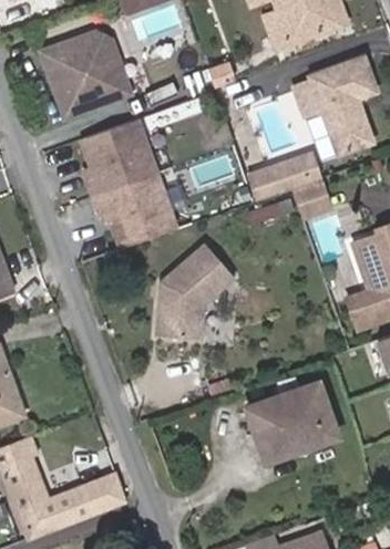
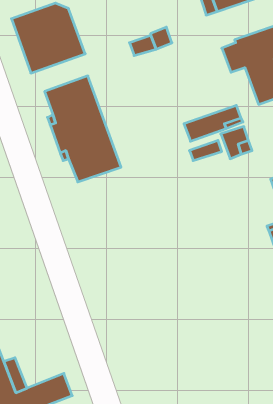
building: [156,245,234,340] -> none
building: [248,385,335,459] -> none

